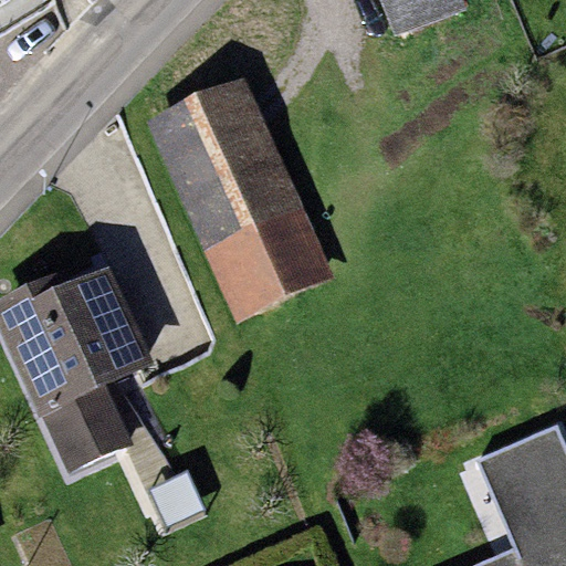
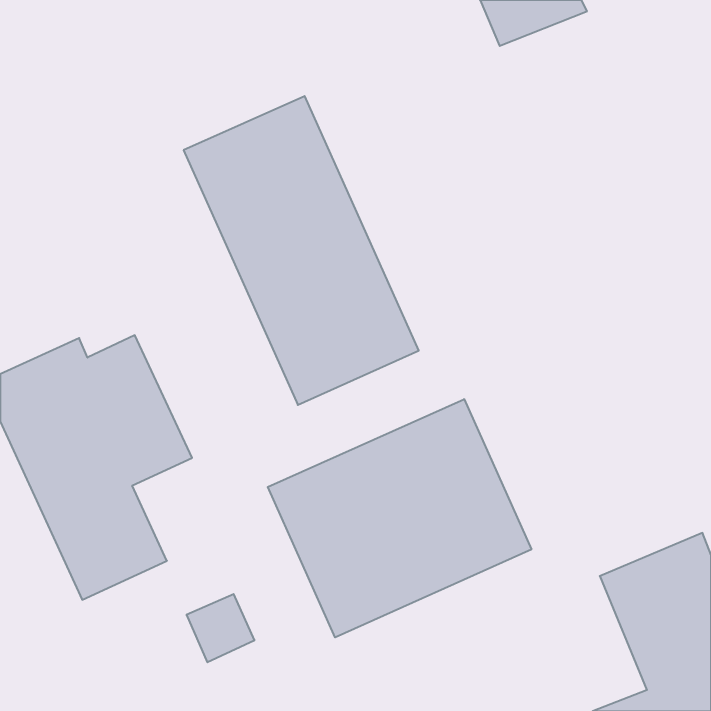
building: none -> [268,399,531,637]

